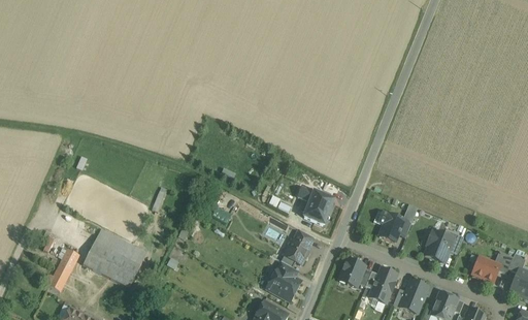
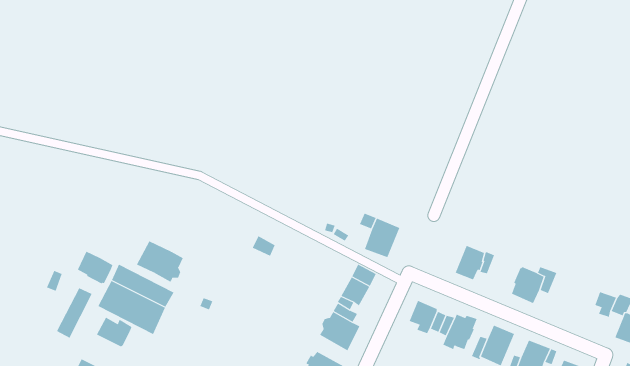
building: none -> [136,240,184,282]
building: none -> [77,251,113,284]
building: [472,256,499,282] -> none
building: none -> [96,317,132,347]

